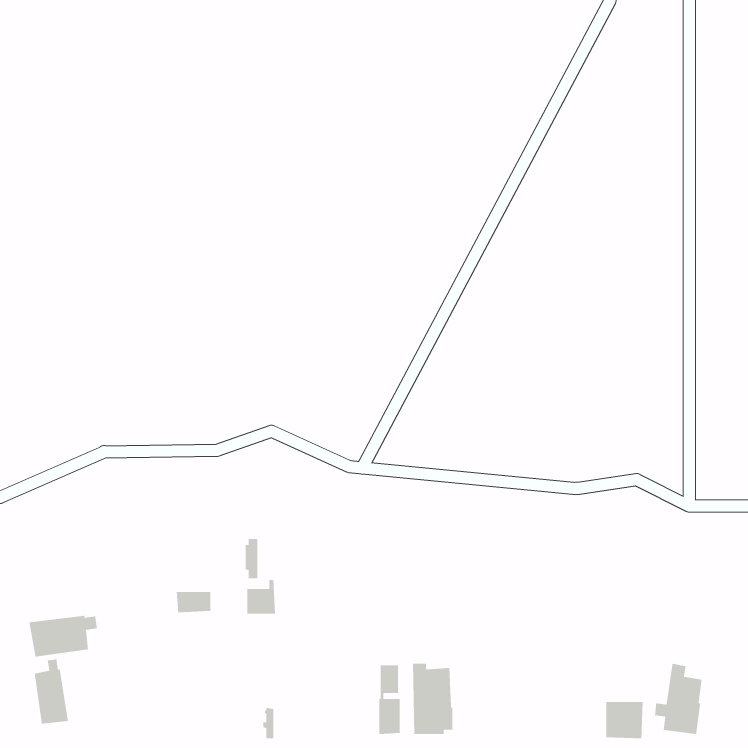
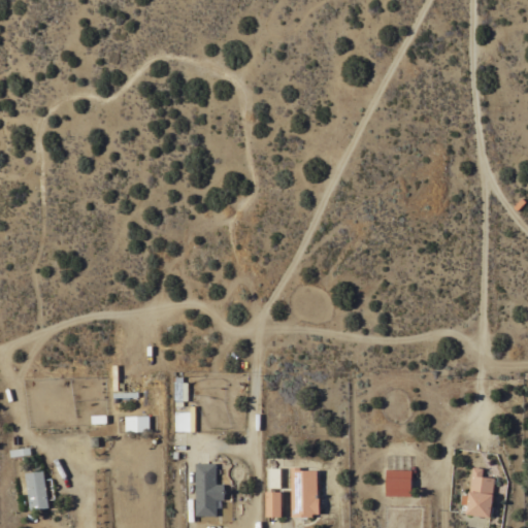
building: [28,615,98,657] -> none
building: none -> [196,464,226,517]
building: [606,701,644,739] -> [386,470,412,497]

